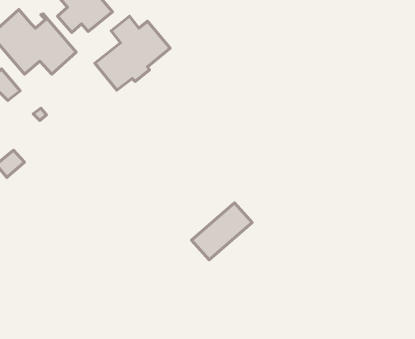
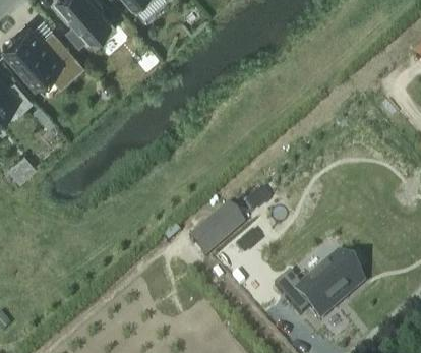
building: [95,16,170,90] -> none
building: none -> [272,257,360,321]

